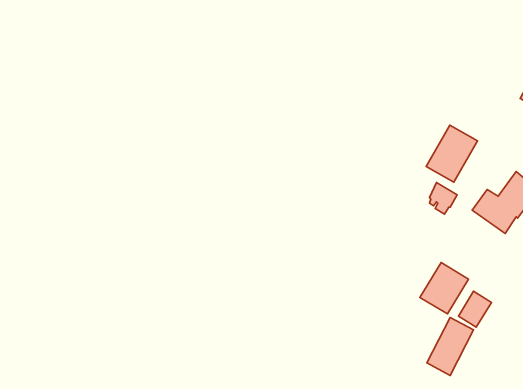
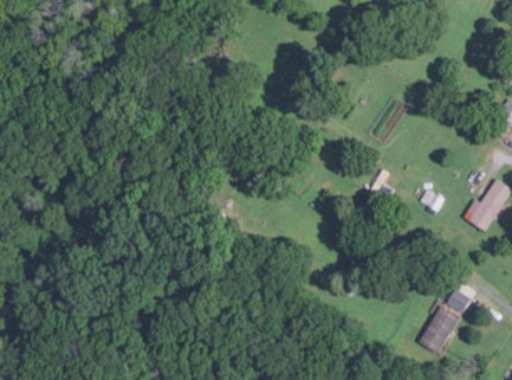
building: [426,125,478,182] -> none
building: [420,263,469,314] -> none

